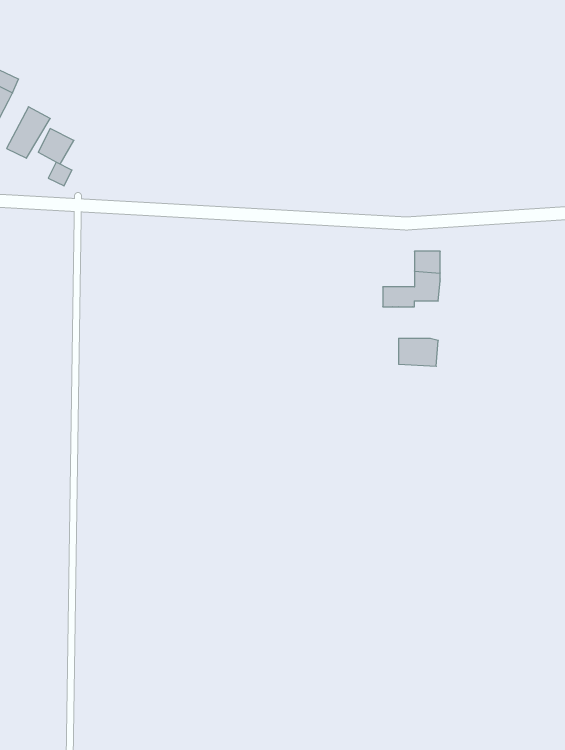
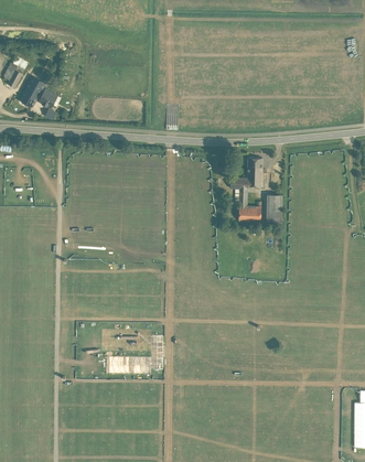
building: none -> [267,194,282,223]

